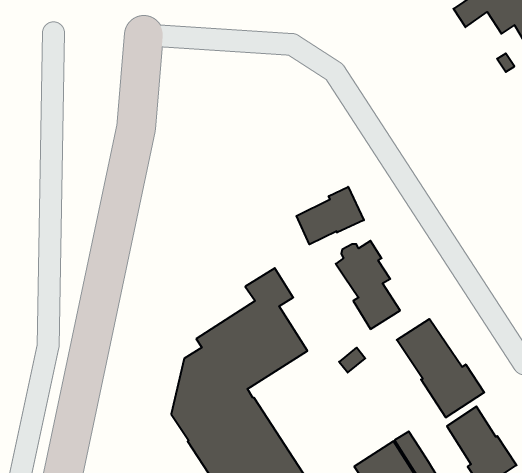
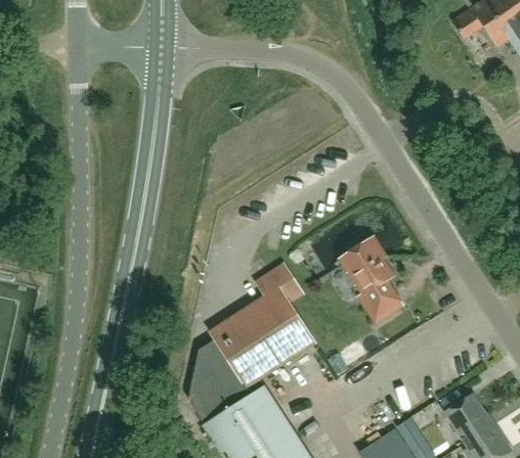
building: [296,187,364,244] -> none
building: [397,319,484,418] -> none

